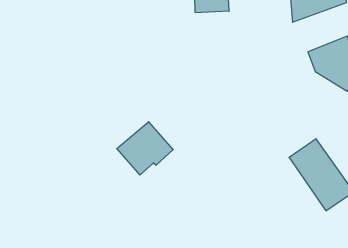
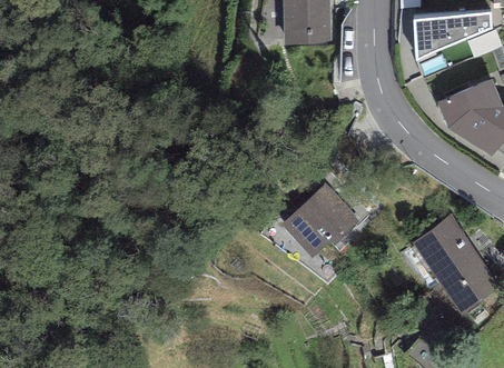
building: [117,122,173,175] -> [281,186,358,258]

